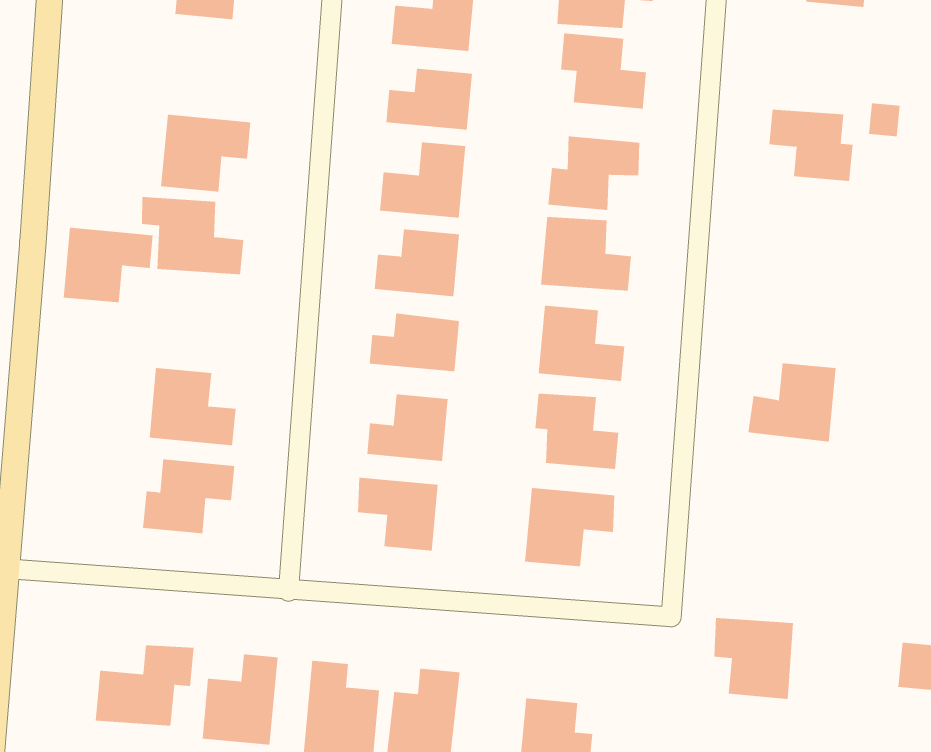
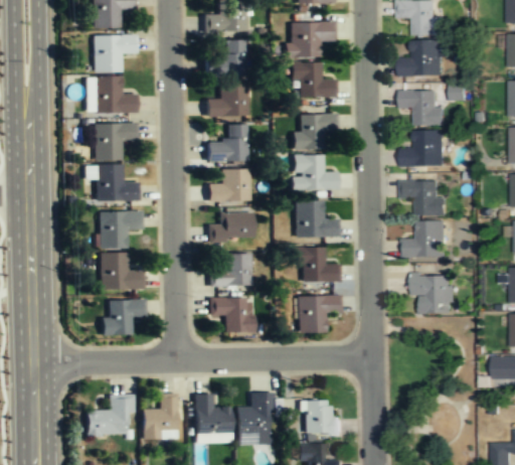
building: none -> [401,39,445,75]
building: none -> [87,76,138,113]
building: none -> [402,130,447,167]
building: [63,227,153,303] -> [99,212,142,249]
building: none -> [402,181,448,215]
building: [714,618,794,699] -> [413,275,455,314]

